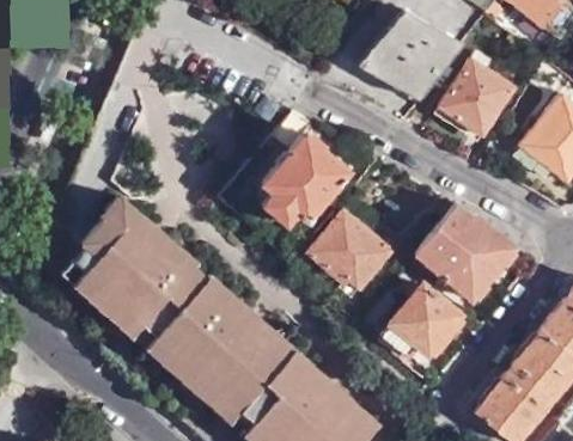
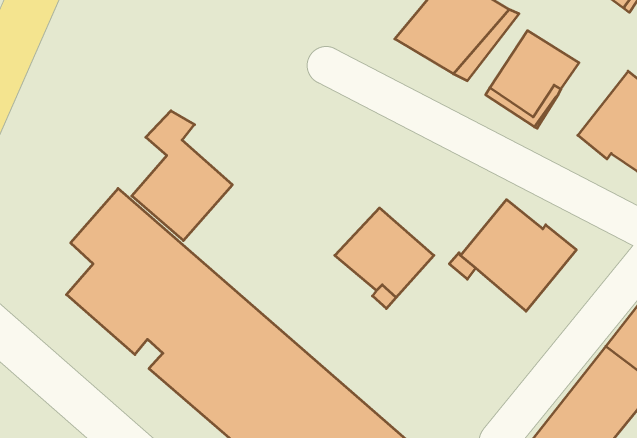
building: [257,114,343,225] -> [132,111,232,241]
building: [383,286,459,355] -> none

